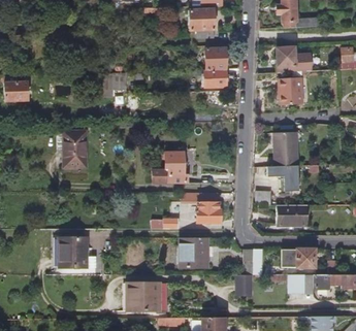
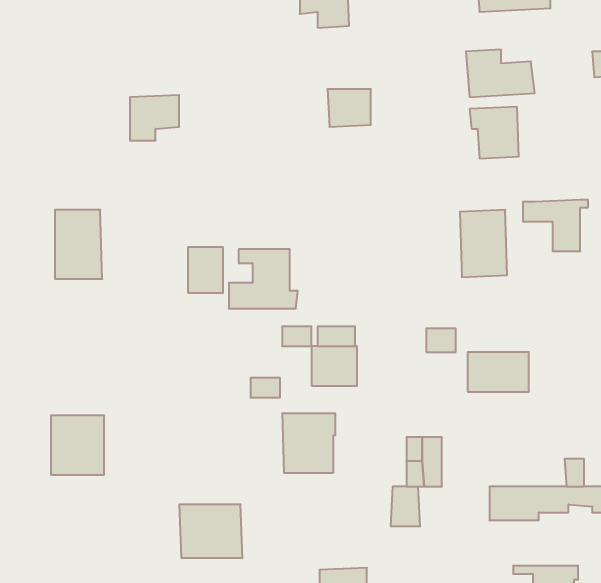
building: [203,47,226,68] -> none
building: none -> [188,247,223,293]
building: [267,165,301,192] -> [523,200,588,251]
building: [281,249,315,268] -> none

